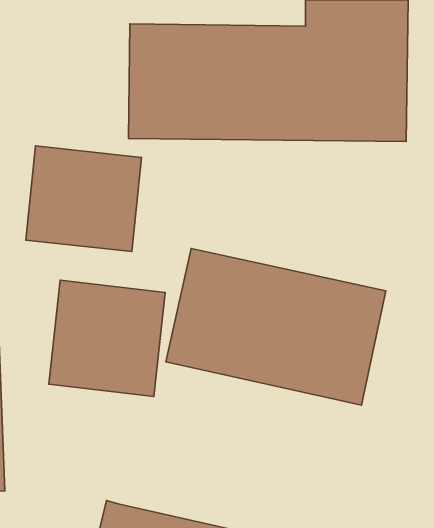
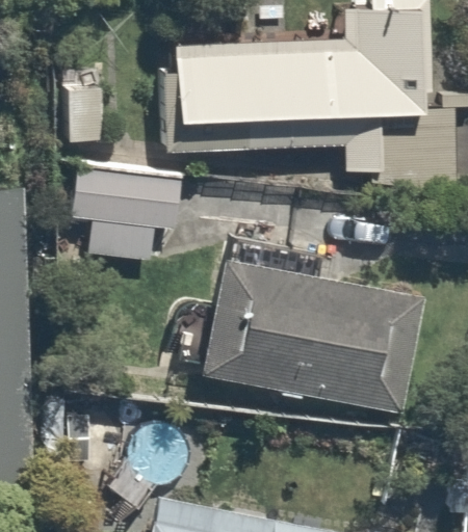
building: [49,280,165,396] -> none

